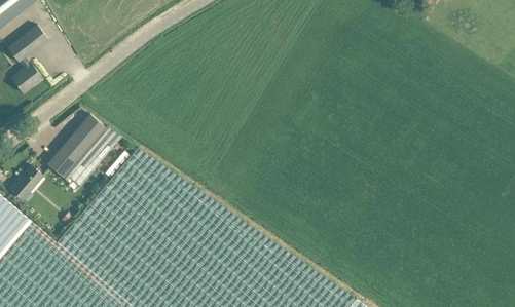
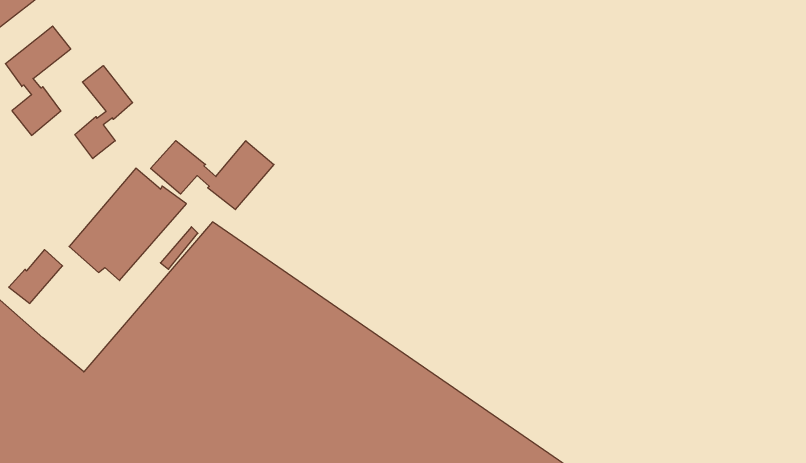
building: none -> [75,66,133,159]
building: none -> [151,141,274,210]

